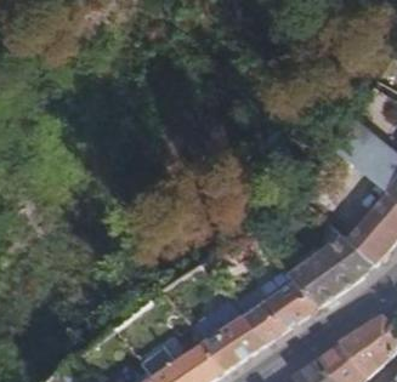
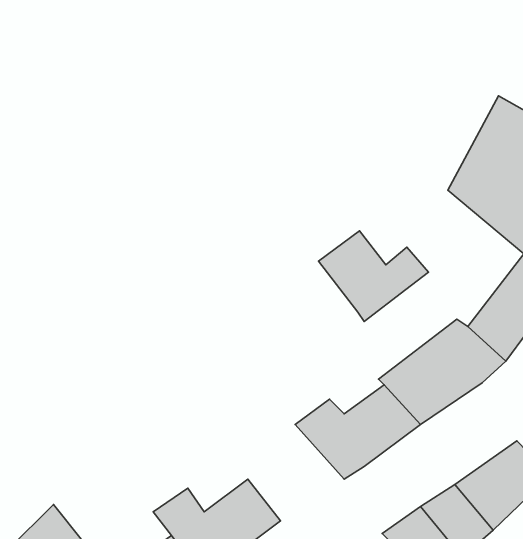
building: none -> [319,231,429,321]
building: [192,301,267,369] -> none

